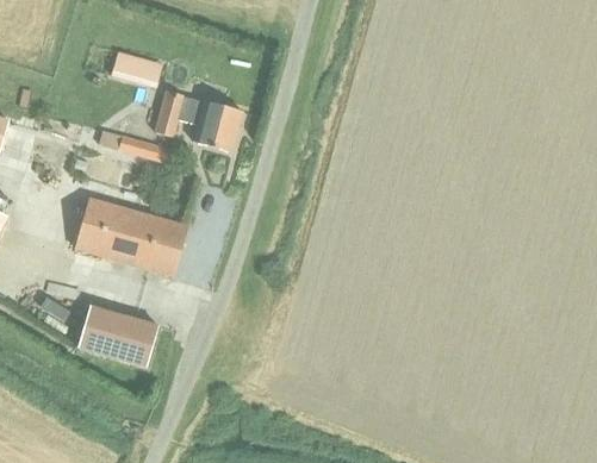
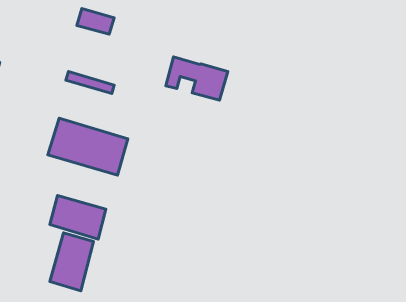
building: [155,92,242,152] -> [166,57,228,100]
building: none -> [50,233,94,291]

